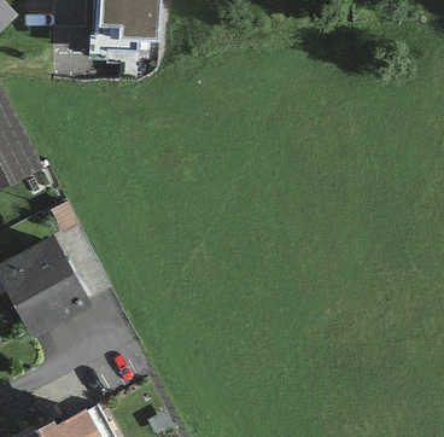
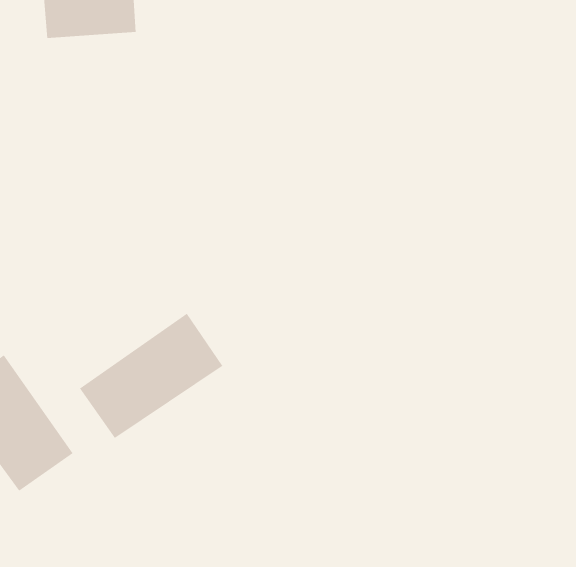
building: none -> [79,313,223,439]

